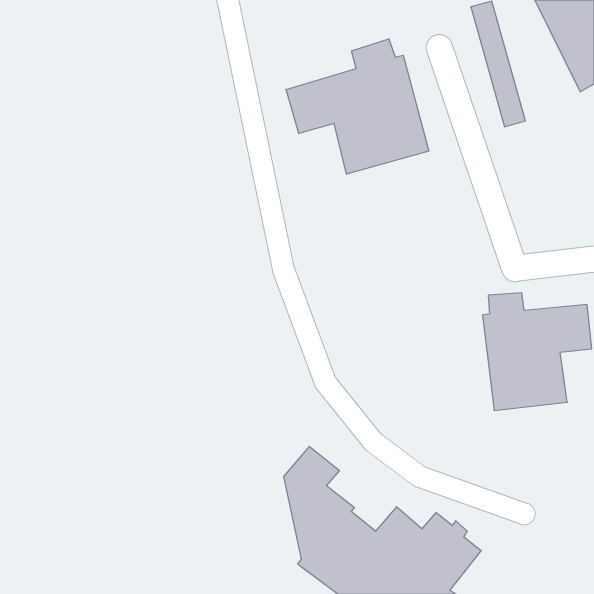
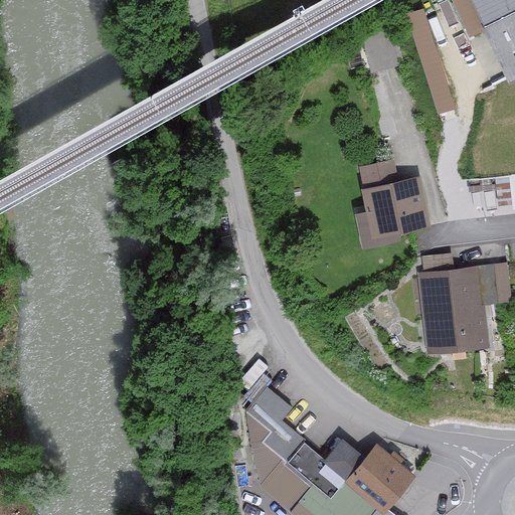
building: [286,39,429,174] -> none
building: none -> [348,158,425,246]

